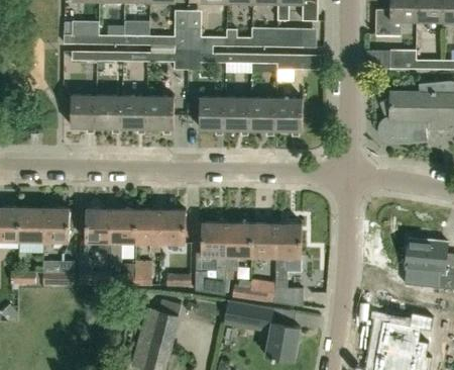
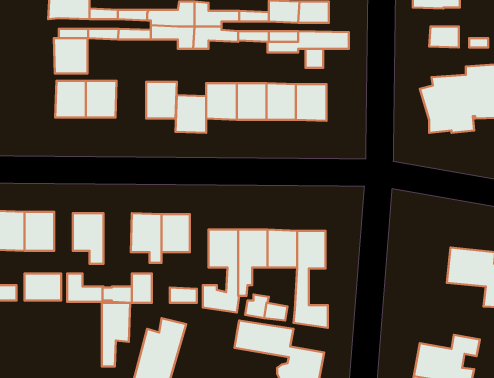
building: none -> [54,38,88,74]
building: [121,96,147,128] -> [176,95,206,133]
building: [111,209,135,264] -> [102,303,130,367]

